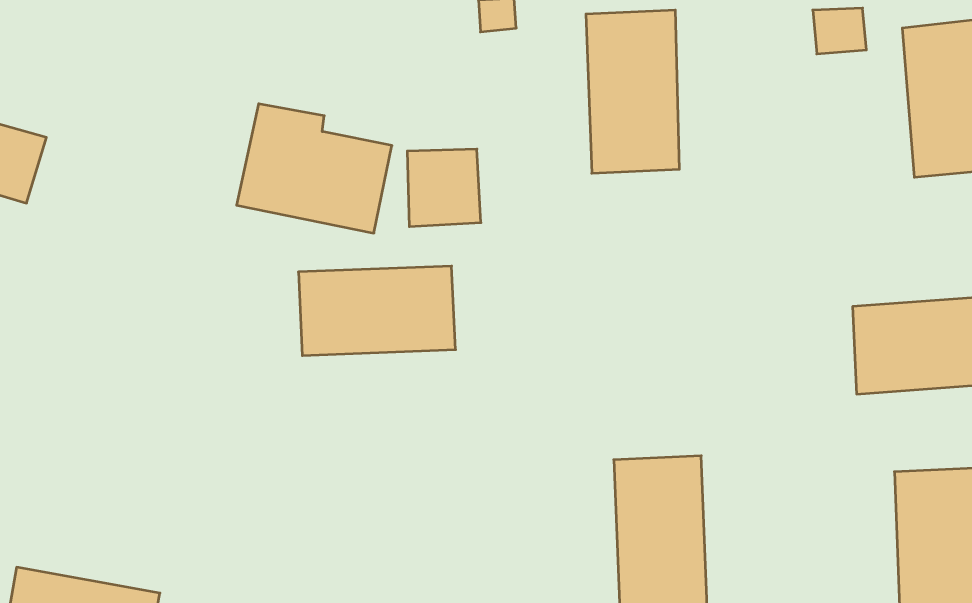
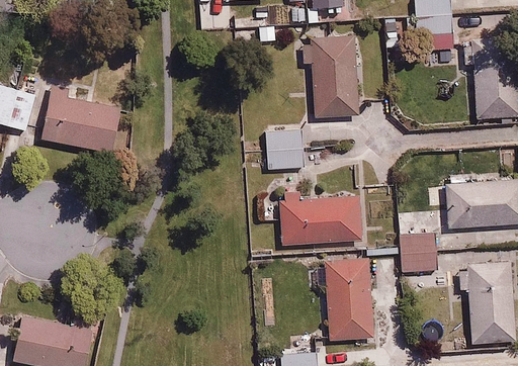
building: [237,104,392,233] -> [42,88,121,154]
building: [407,149,481,227] -> [265,128,303,168]
building: [298,266,456,356] -> [280,198,360,244]
building: none -> [400,234,435,275]

